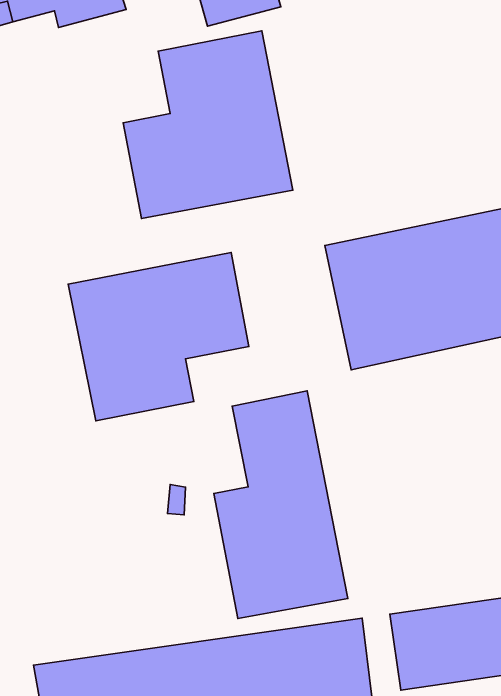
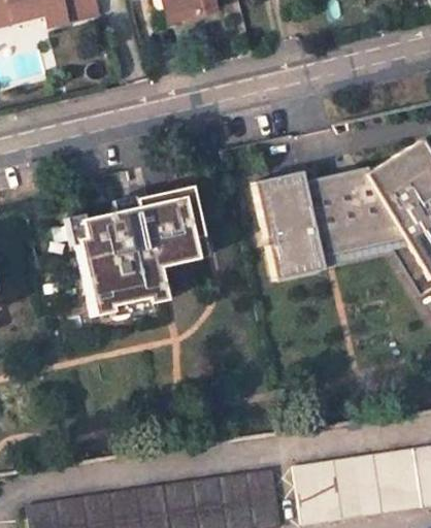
building: [123,31,293,219] -> none
building: [214,391,348,619] -> none

